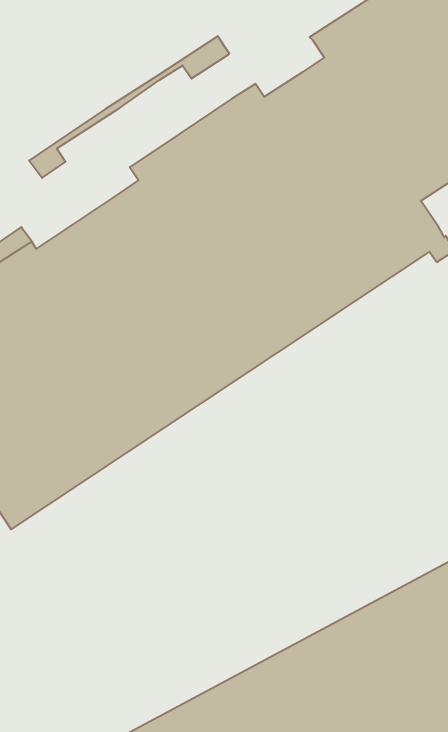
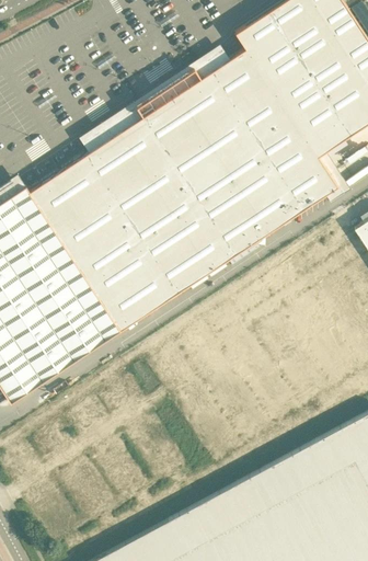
building: [29,36,229,178] -> [79,46,229,152]

